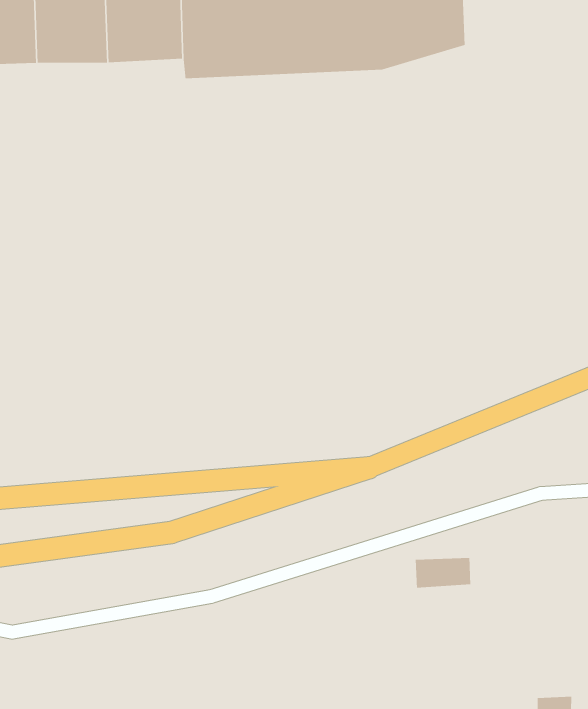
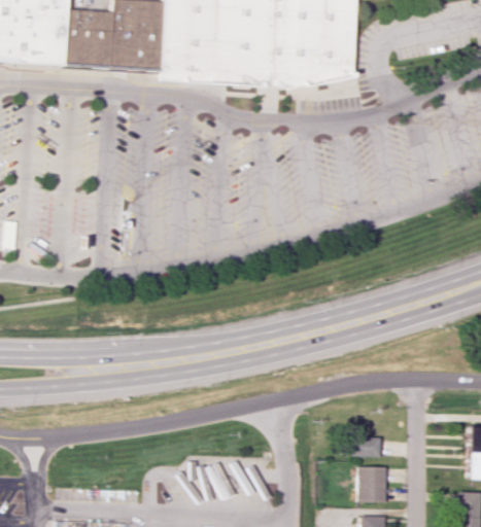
building: [415,557,471,588] -> [343,435,381,456]
building: none -> [356,465,385,501]

